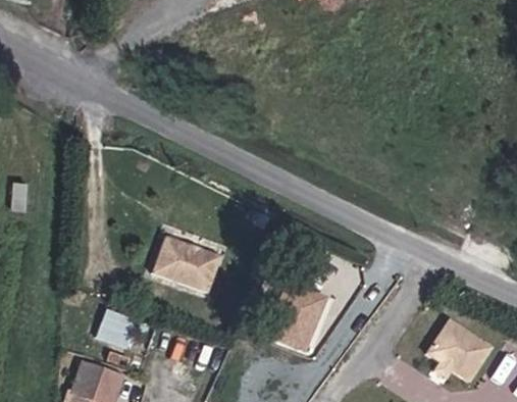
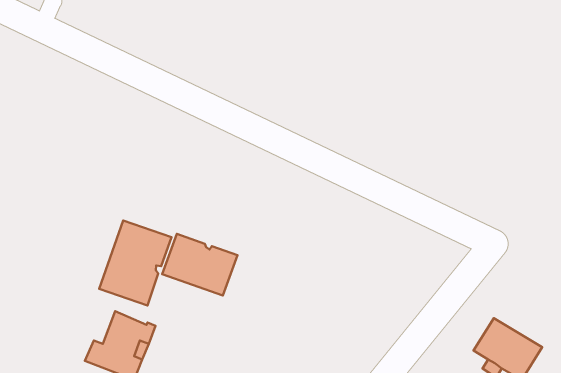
building: none -> [99,221,171,305]
building: [265,288,321,352] -> none

